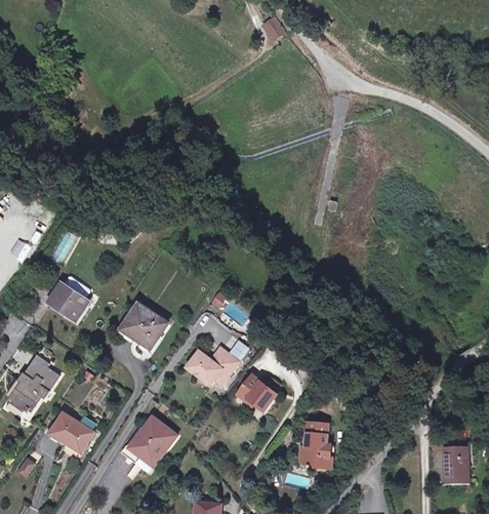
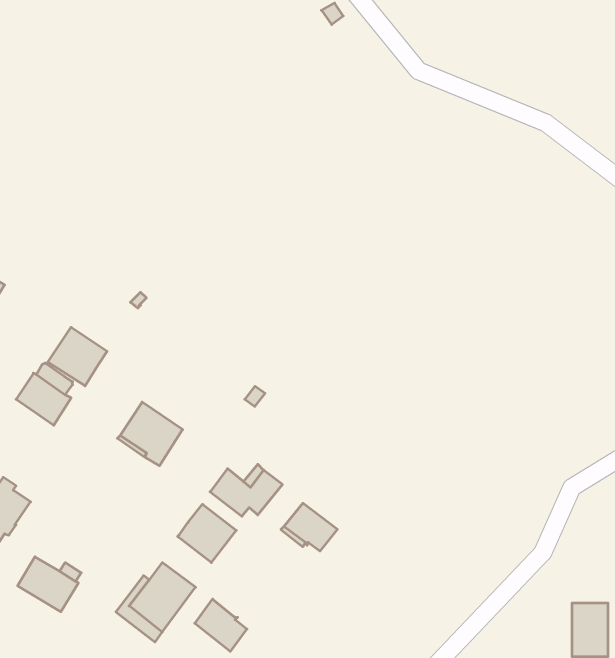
building: none -> [48,327,107,386]
building: none -> [178,504,236,563]
building: [298,423,330,469] -> none
building: none -> [195,599,247,651]

